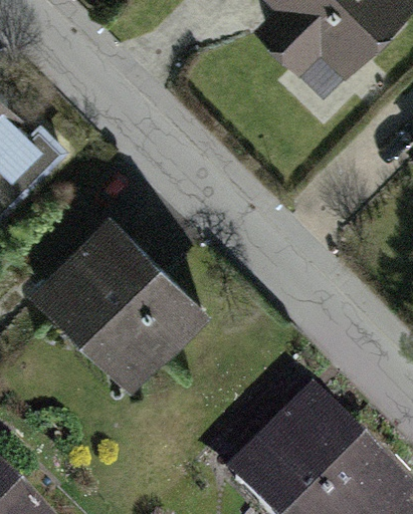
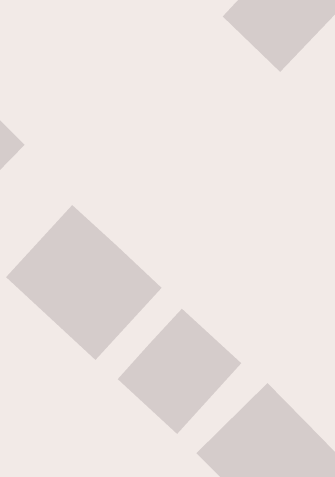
building: none -> [117,308,242,435]

